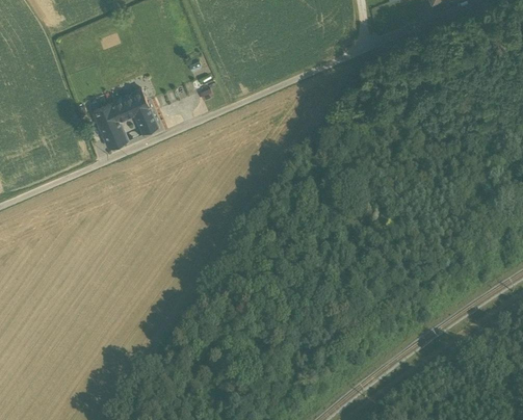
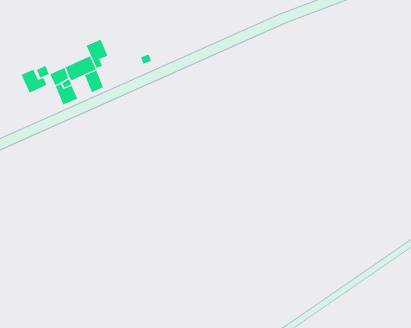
building: none -> [86,39,108,69]
building: none -> [21,69,47,93]

